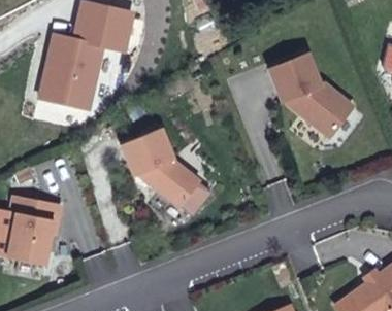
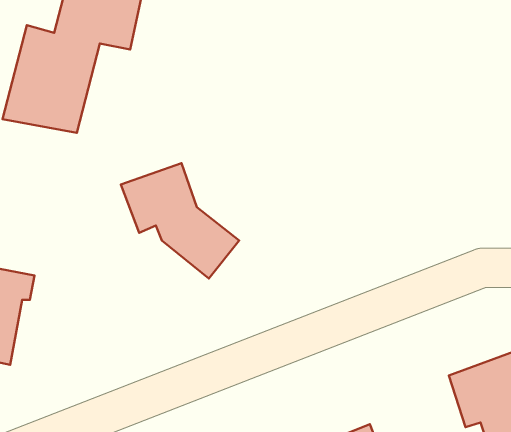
building: [268,53,354,137] -> none

